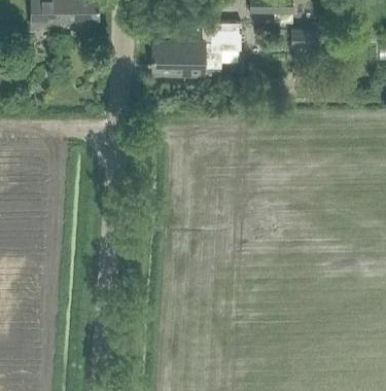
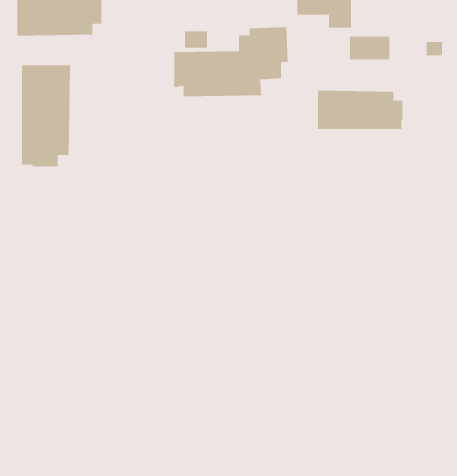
building: none -> [21,64,70,167]
building: none -> [317,90,403,130]

